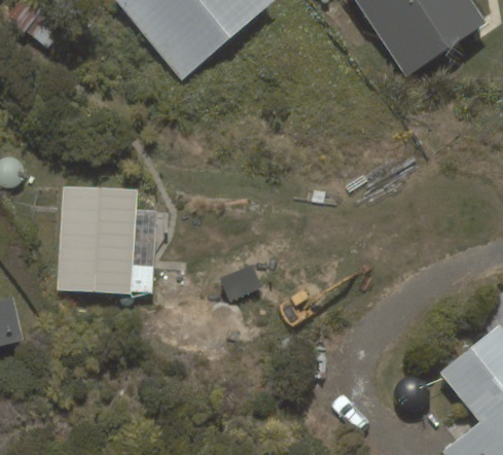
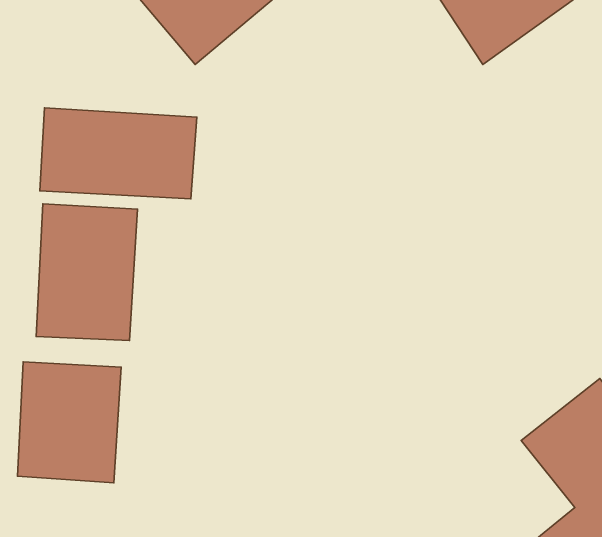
building: none -> [40,108,197,199]
building: none -> [17,362,121,483]

